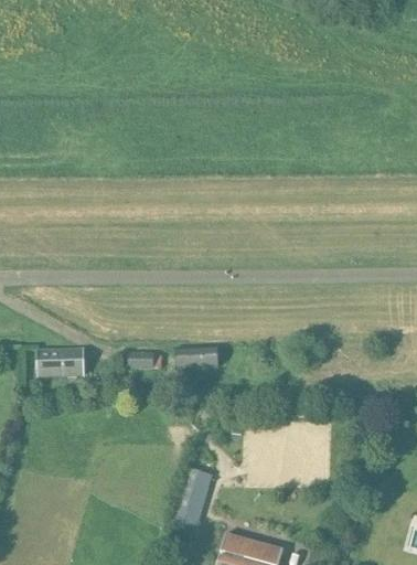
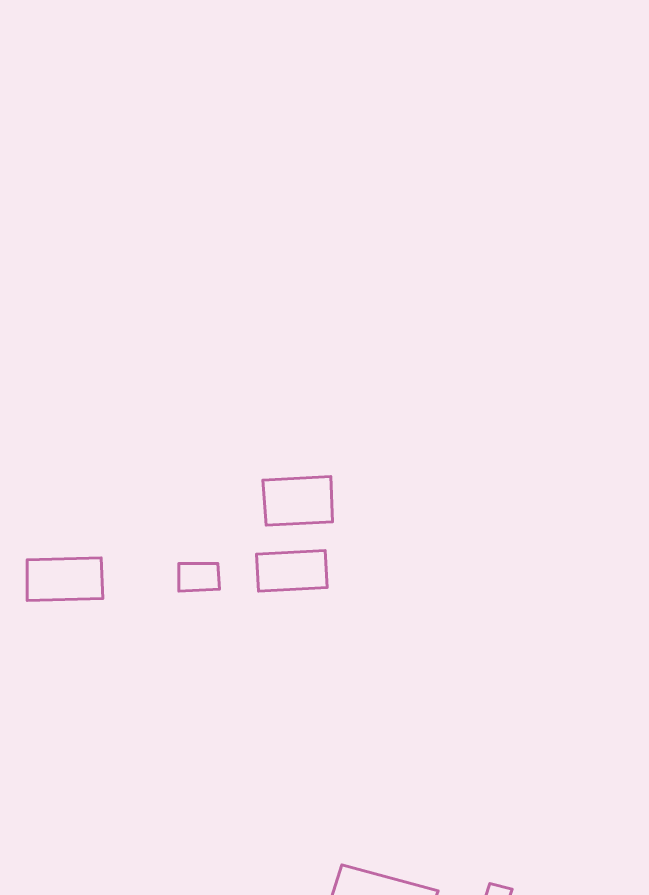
building: none -> [263,476,333,525]
building: [169,467,213,533] -> none

